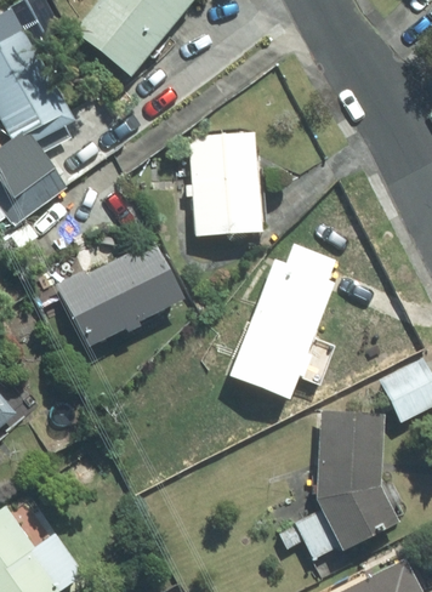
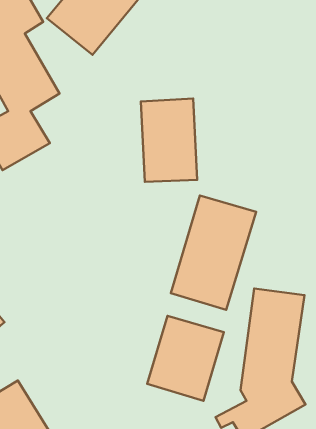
building: [59,241,180,349] -> none
building: none -> [147,316,224,401]

